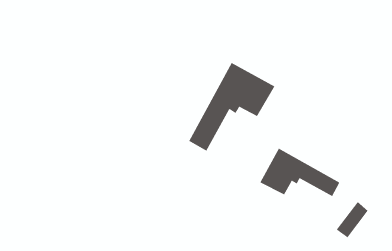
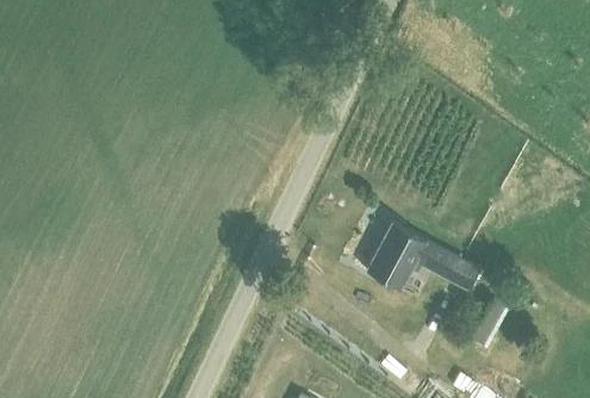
building: [188,62,275,152] -> none

